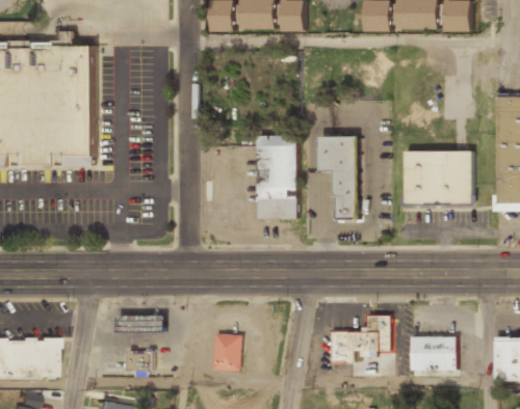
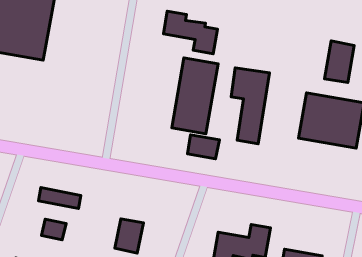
building: none -> [163,11,218,54]
building: none -> [325,41,354,83]
building: none -> [187,135,219,159]

